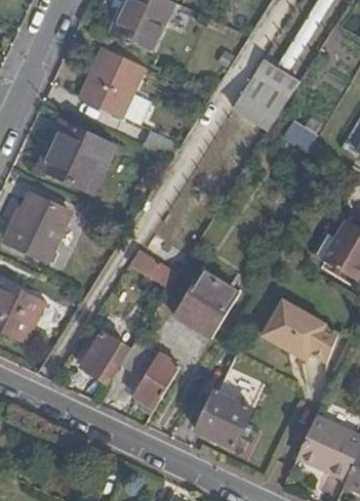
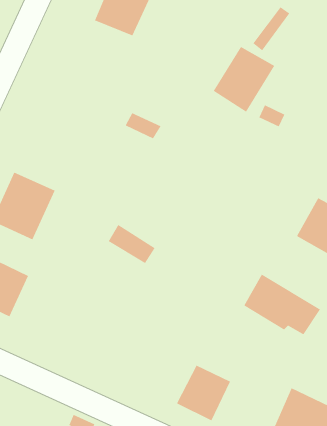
building: [79,45,144,116] -> none
building: [37,120,110,190] -> none
building: [176,273,239,338] -> none
building: [81,333,130,384] -> none
building: [134,354,181,415] -> none

